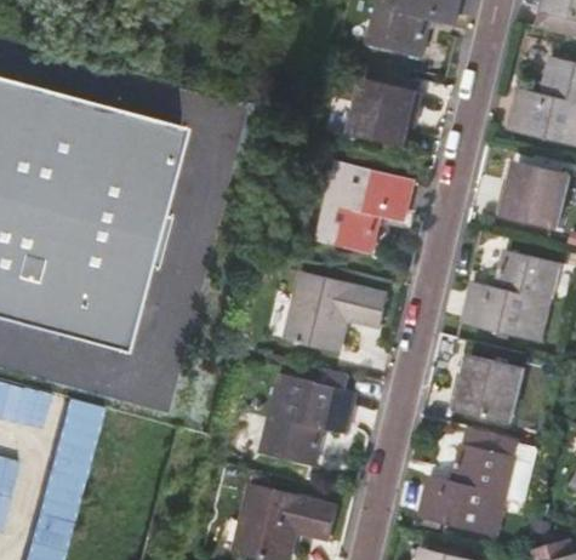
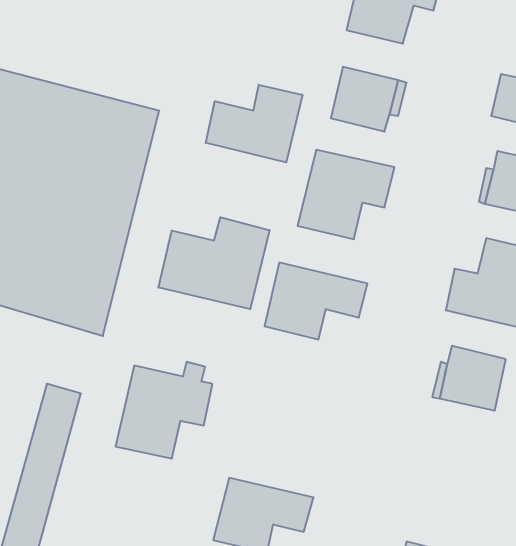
building: none -> [206,85,302,162]
building: none -> [158,217,269,309]
building: [261,371,357,467] -> [116,362,212,459]
building: [421,427,521,536] -> none

